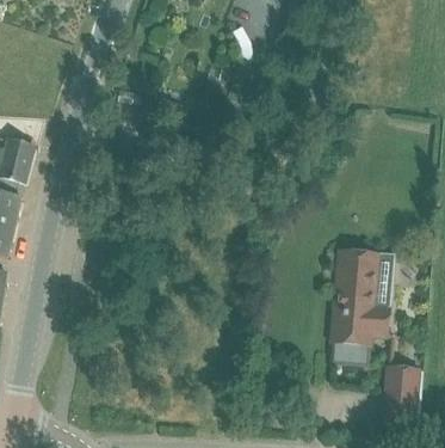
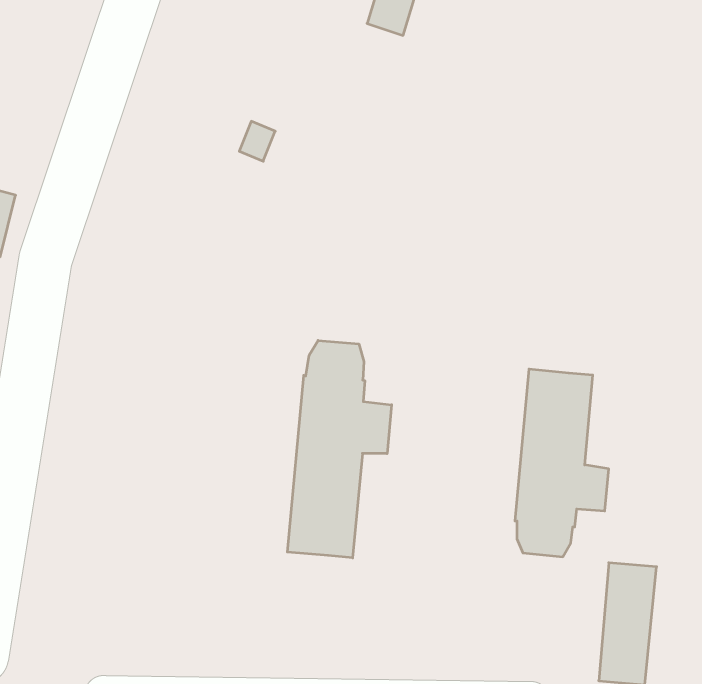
building: none -> [287,340,392,558]

